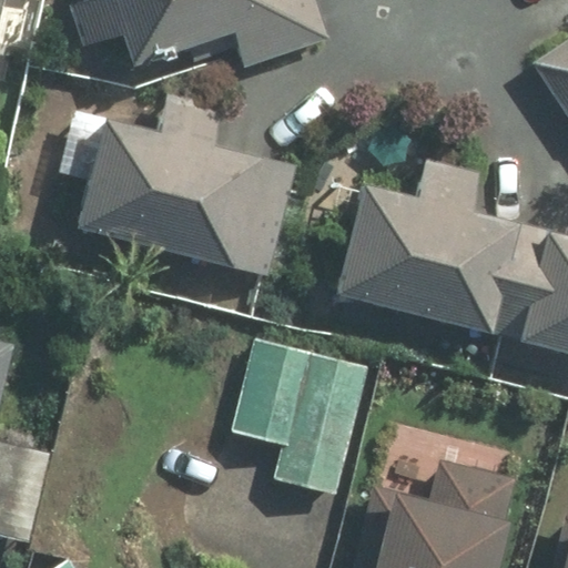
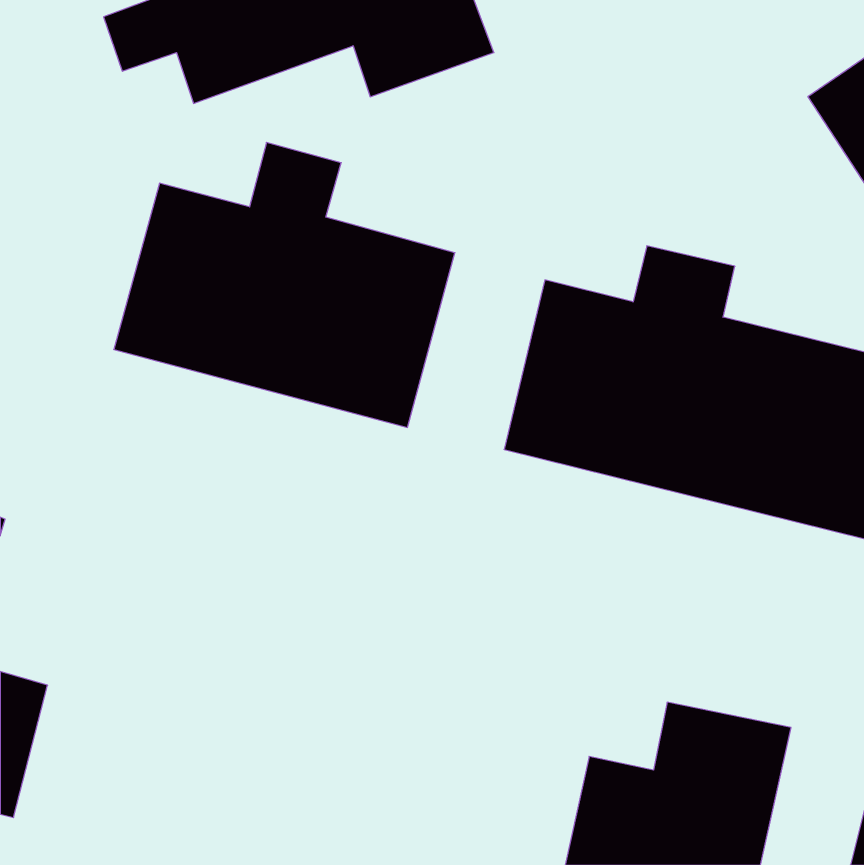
building: [217,345,367,494] -> none

